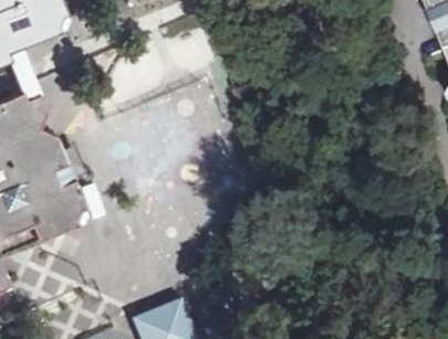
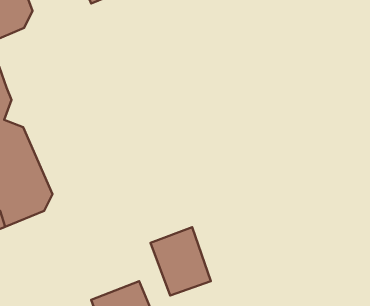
building: none -> [150,227,211,296]

